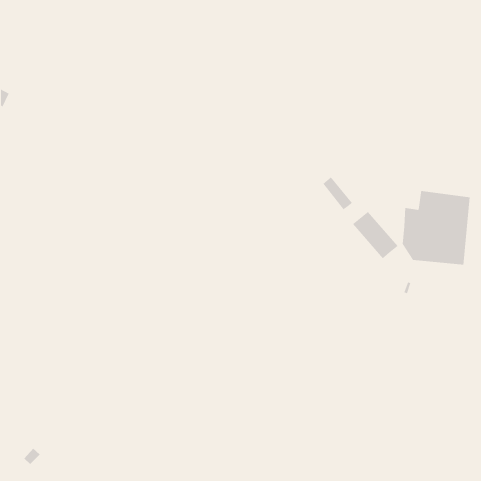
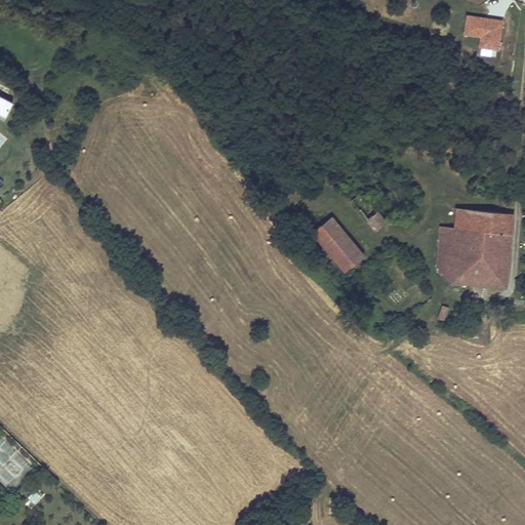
building: none -> [465,16,506,50]
building: [352,211,399,259] -> [313,218,363,271]

